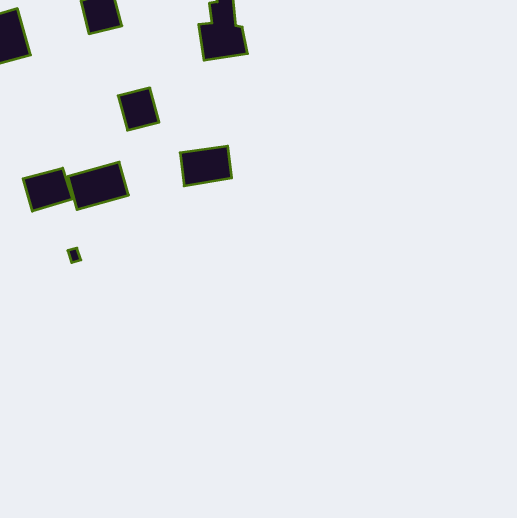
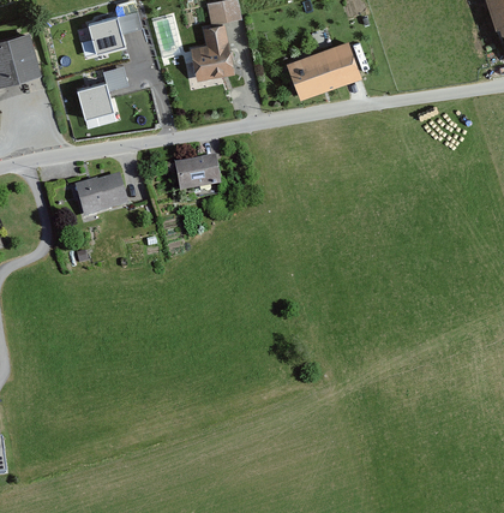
building: none -> [287,40,365,99]
building: [118,88,159,130] -> [74,83,112,121]
building: [23,168,73,211] -> none

